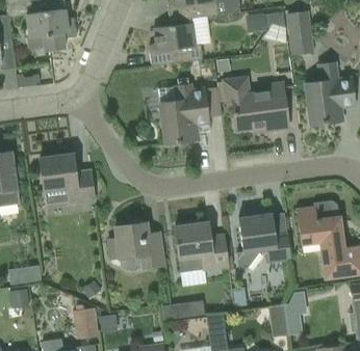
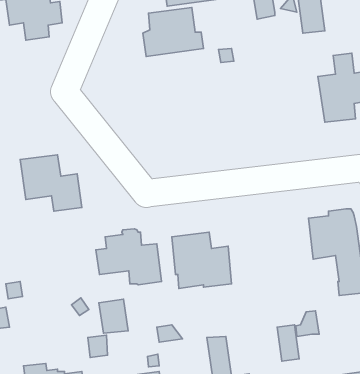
building: [222,75,289,131] -> none
building: [160,83,210,144] -> none
building: [237,214,290,268] -> none
building: [73,308,99,339] -> [99,299,128,333]

